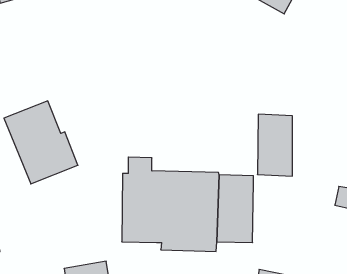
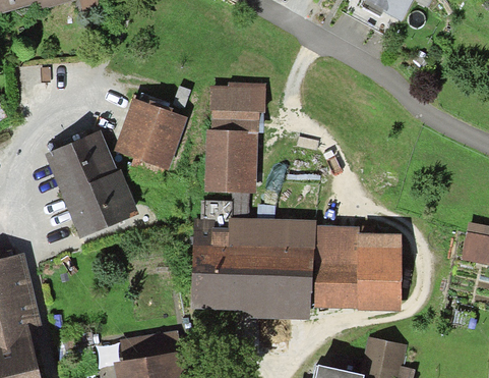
building: none -> [203,95,252,194]
building: none -> [115,97,189,174]
building: [257,114,292,176] -> [358,232,402,310]

